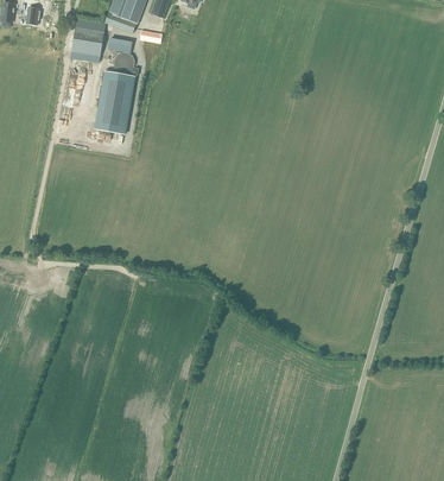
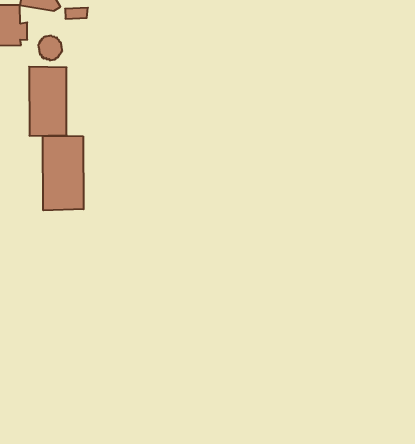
building: none -> [43,136,84,210]

